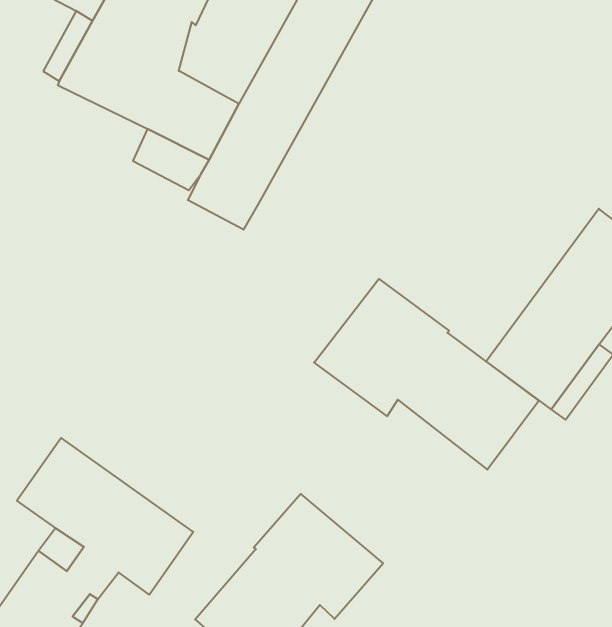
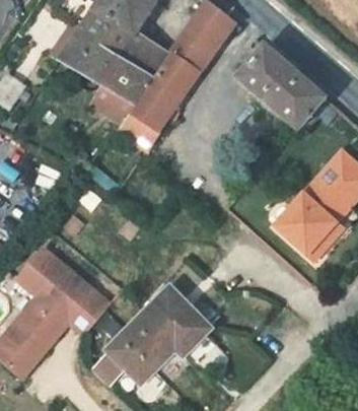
building: none -> [124,31,169,77]
building: none -> [238,46,325,129]
building: [314,279,539,470] -> none

